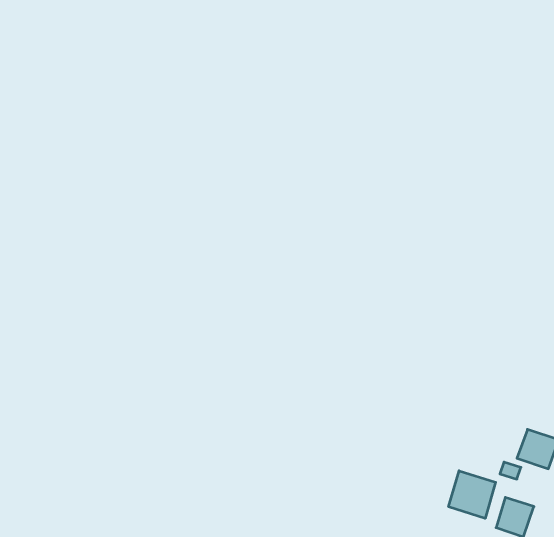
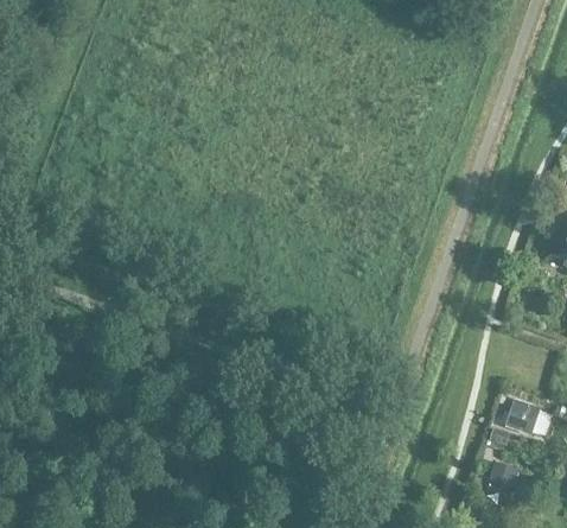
building: [449,471,496,518] -> none

